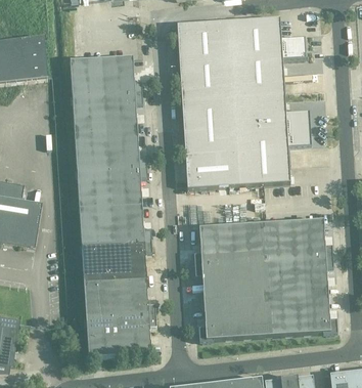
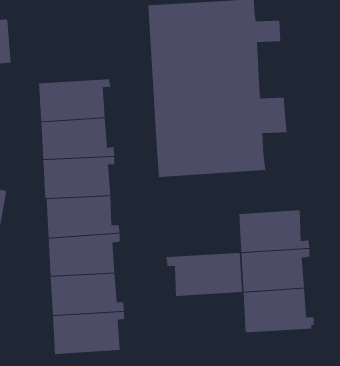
building: [70,57,141,98] -> none
building: [194,223,266,264] -> none
building: [198,298,270,341] -> none

